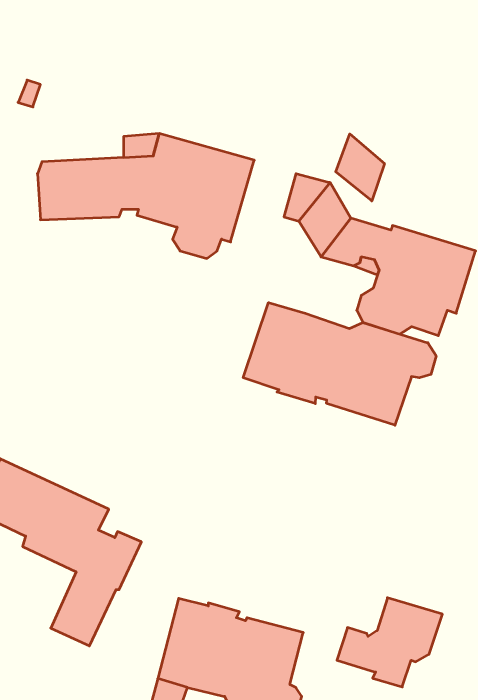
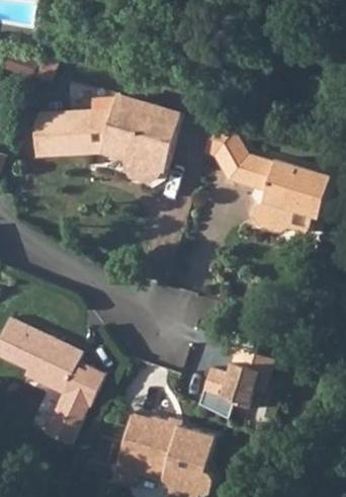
building: [336,134,384,201] -> none
building: [243,303,436,425] -> none
building: [337,598,442,687] -> [201,347,273,408]

